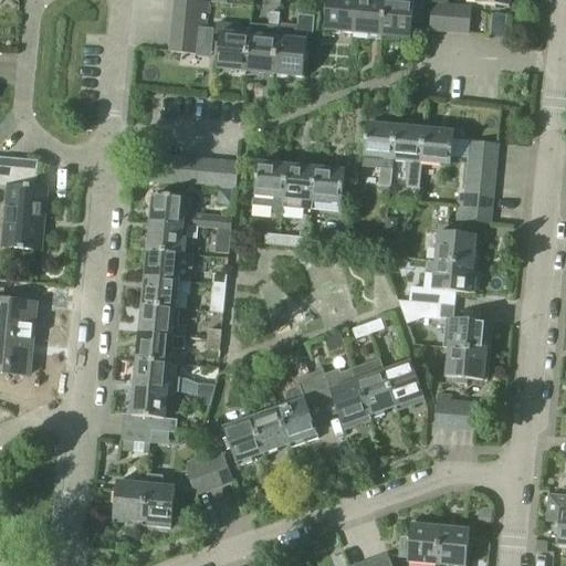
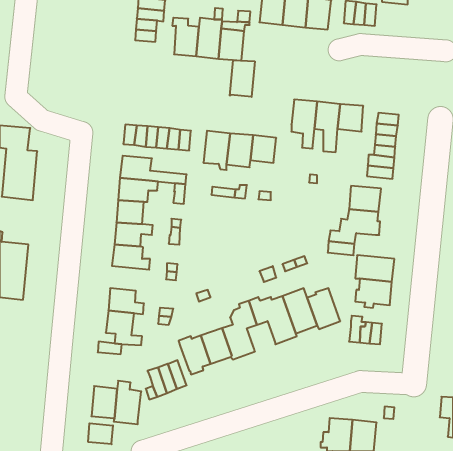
building: none -> [230,60,255,97]
building: [137,331,186,361] -> none
building: none -> [88,423,113,444]

